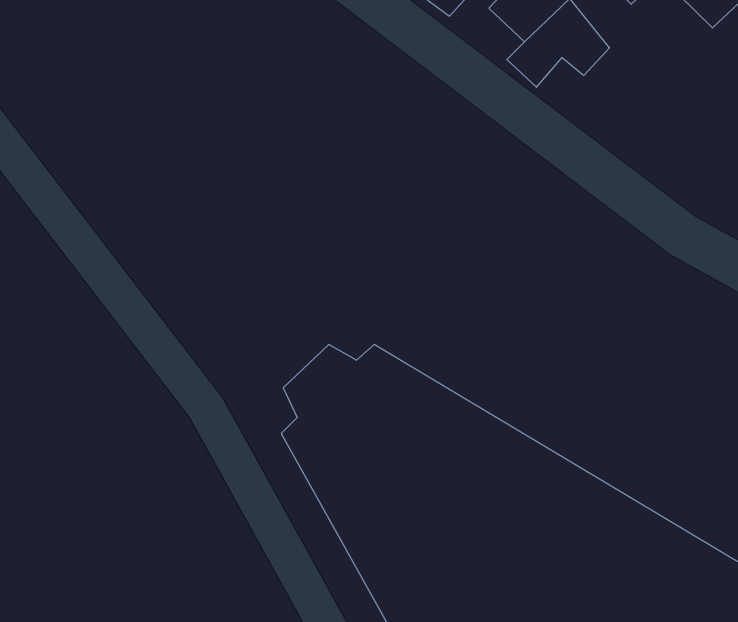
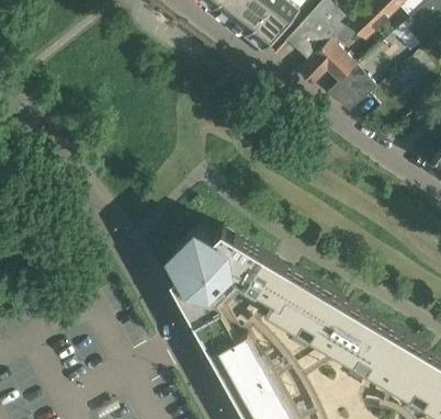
building: none -> [327,68,376,115]

